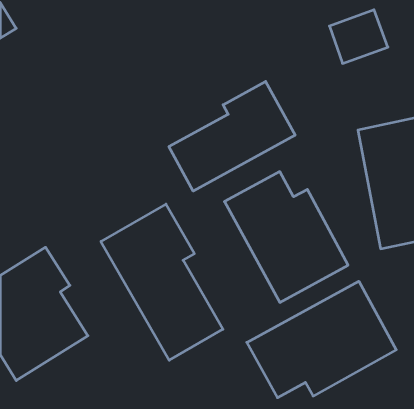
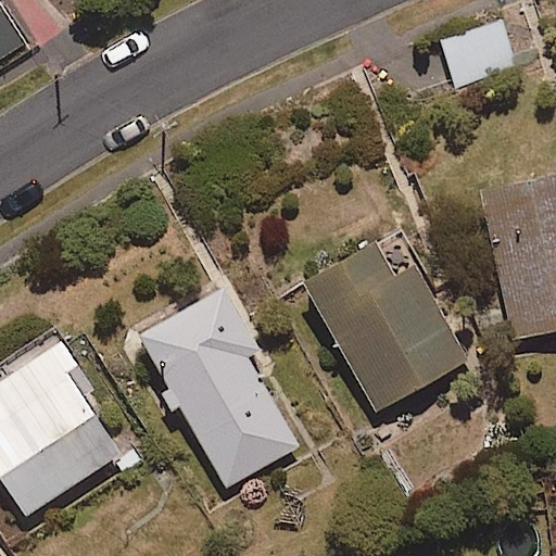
building: [169,81,295,191] -> none
building: [247,281,396,398] -> none

